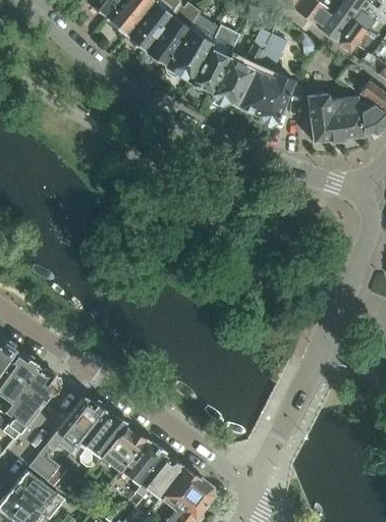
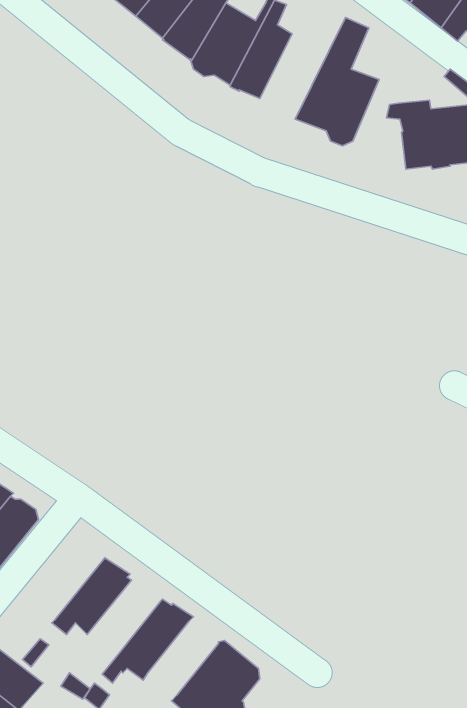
building: [213,35,271,106] -> none
building: [42,397,106,457] -> none
building: [89,425,145,479] -> none
building: [135,454,184,505] -> none

